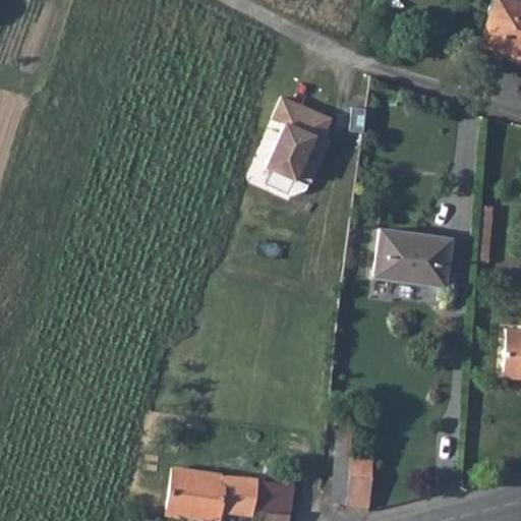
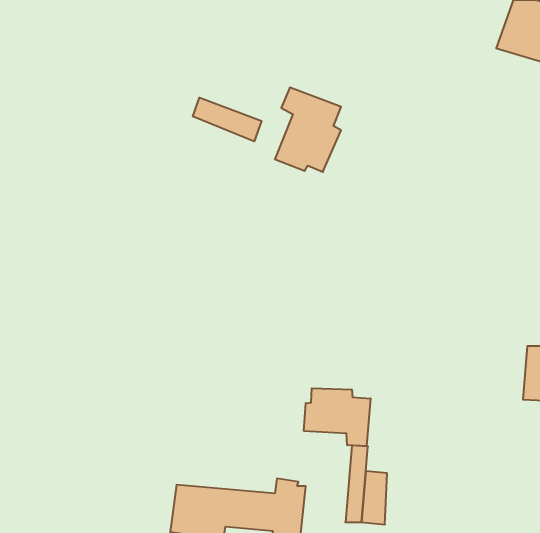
building: none -> [193,98,262,141]
building: [377,230,450,282] -> none
building: none -> [304,388,371,446]

